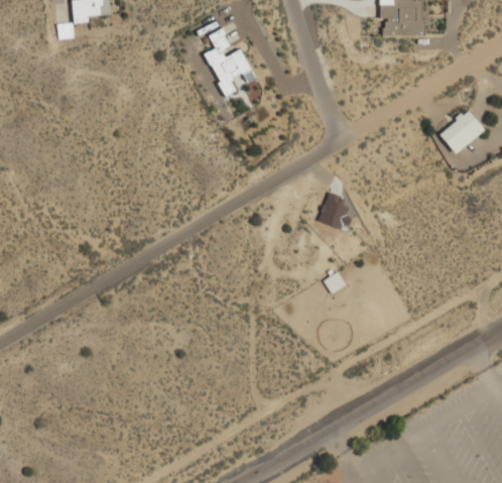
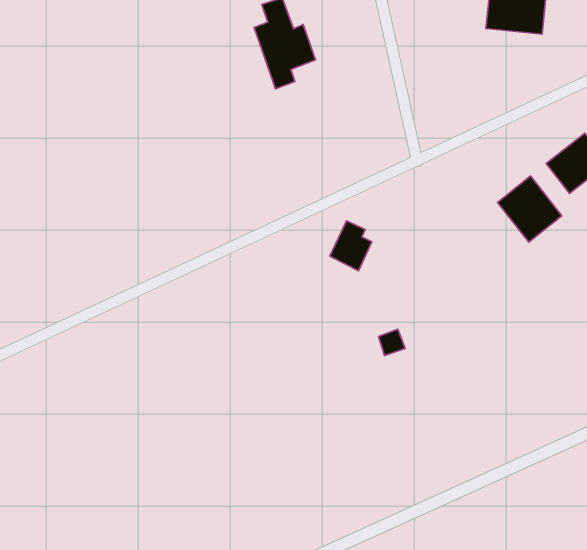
building: none -> [497,176,562,242]
building: [317,193,348,230] -> [330,221,372,271]

